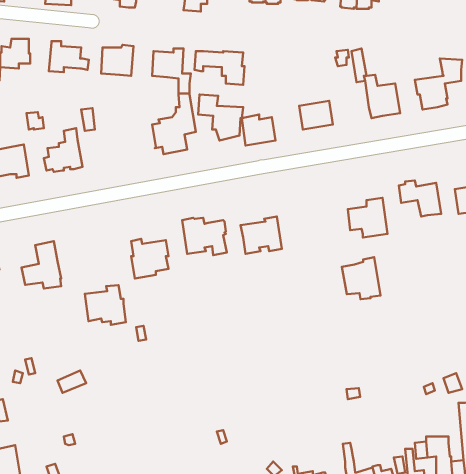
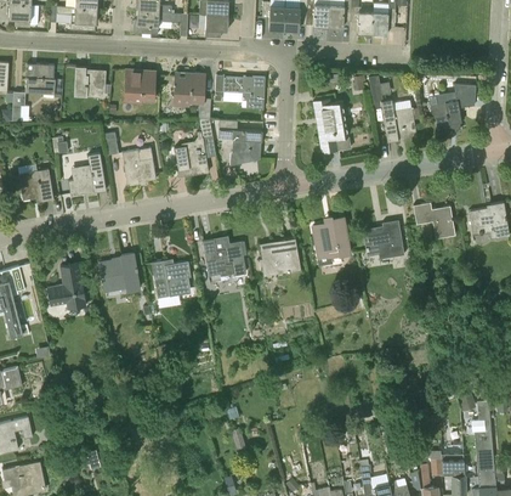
building: [242,115,276,146] -> [313,100,346,130]
building: none -> [123,147,155,186]
building: [342,257,381,299] -> [312,218,350,259]
building: [85,285,126,325] -> [100,254,140,293]

